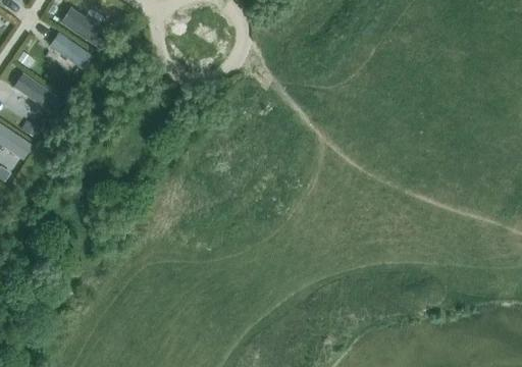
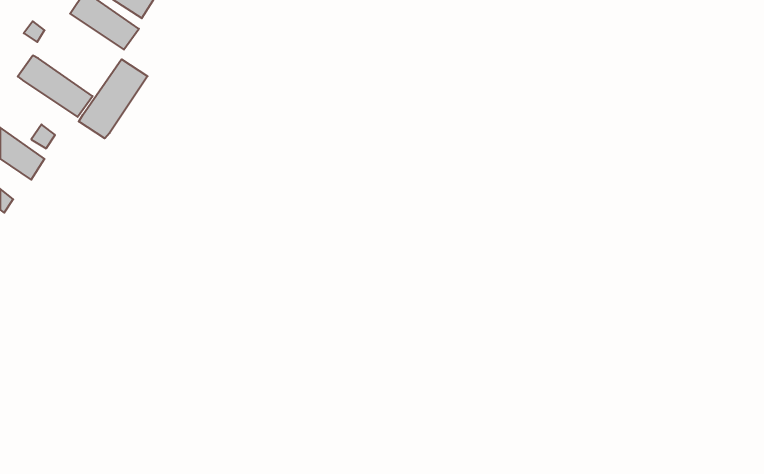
building: none -> [79,59,148,138]

